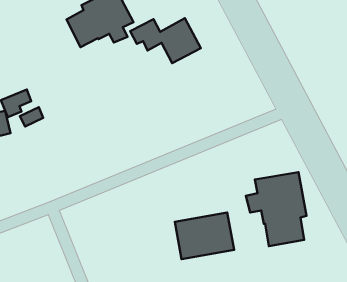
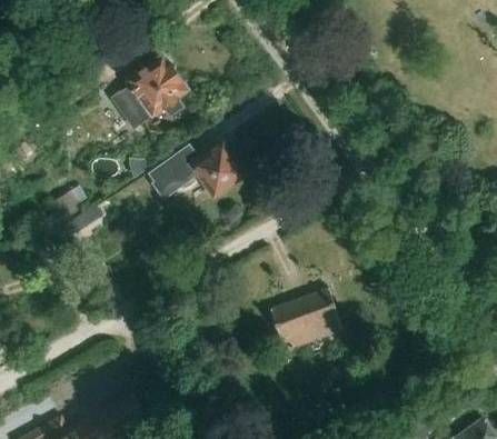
building: [130,18,201,63] -> [160,143,243,197]
building: [246,172,307,246] -> none

